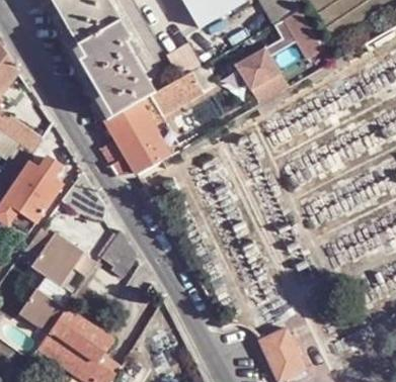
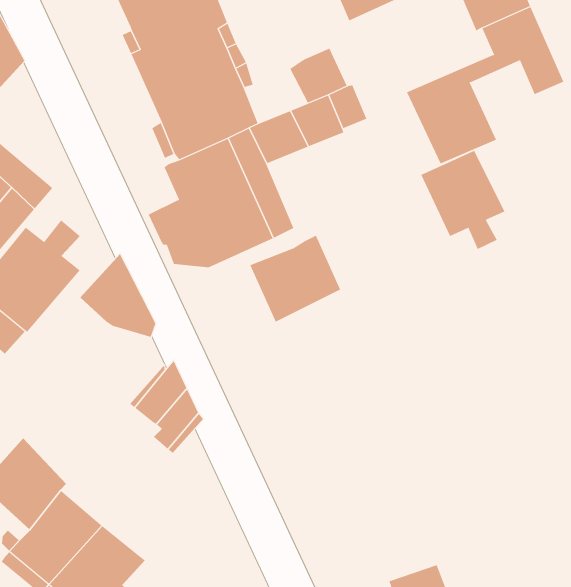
building: none -> [421,149,505,250]
building: none -> [250,235,341,322]
building: [31,231,84,304] -> none

